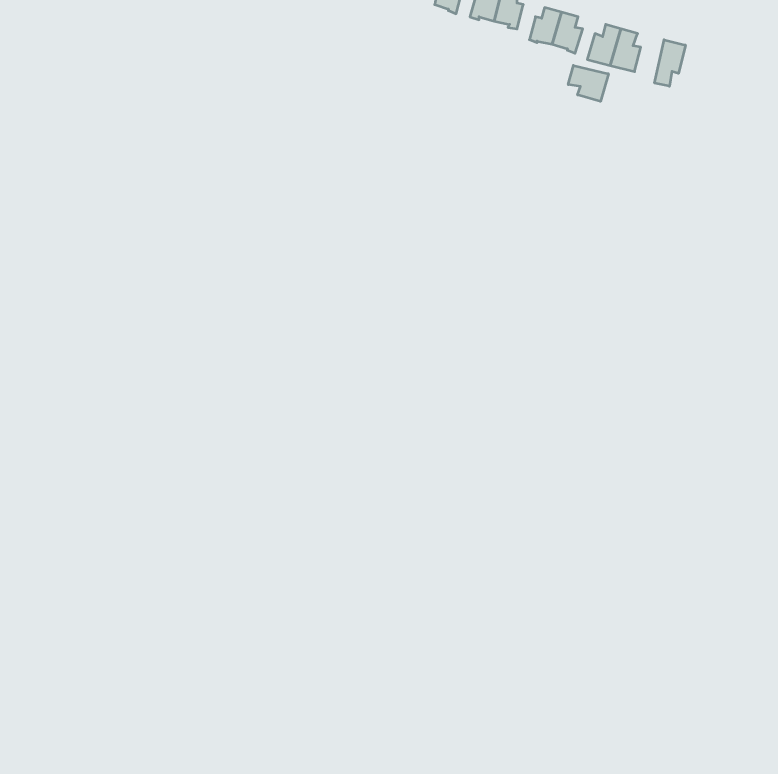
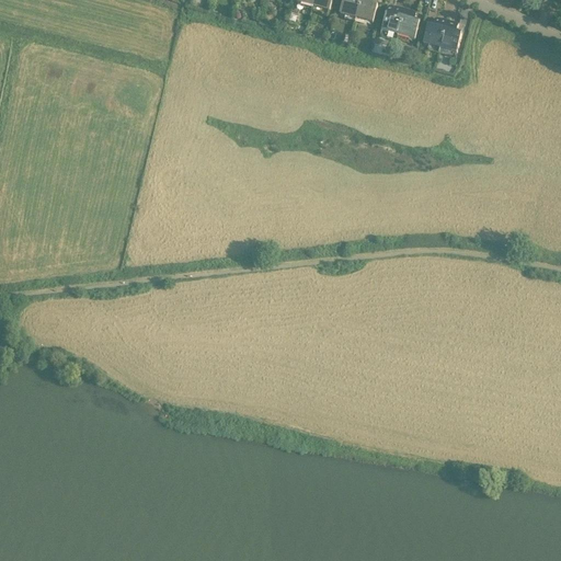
building: [655,40,685,86] -> none
building: [568,65,608,101] -> none

